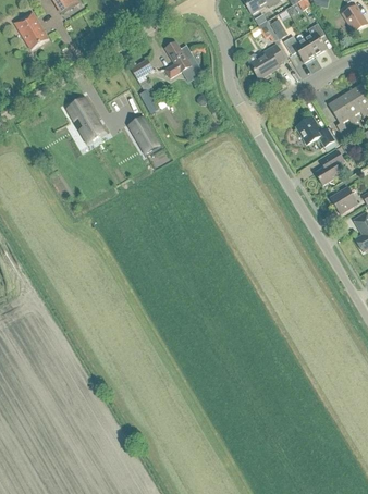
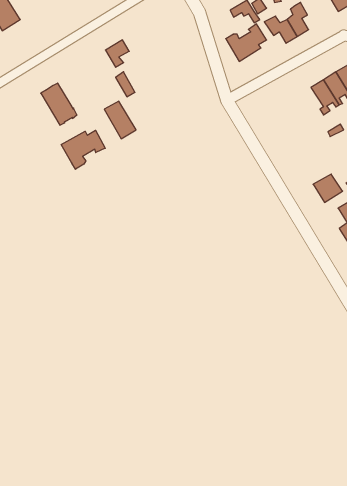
building: [165,41,194,78] -> none
building: [296,116,335,147] -> none
building: none -> [61,130,105,169]
building: [316,150,344,185] -> none

